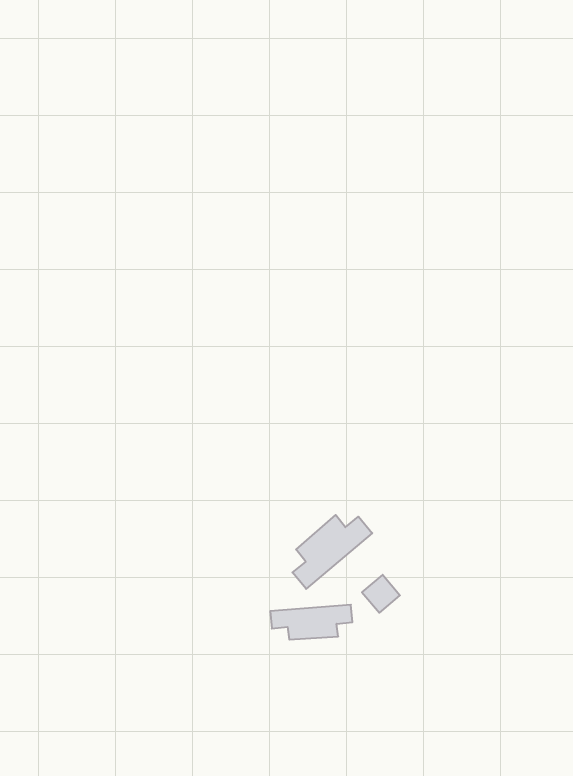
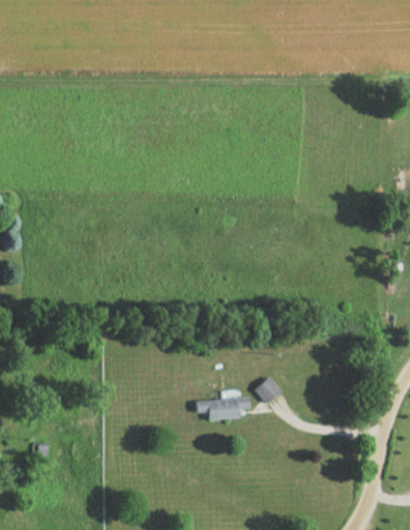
building: [292,515,372,589] -> none

